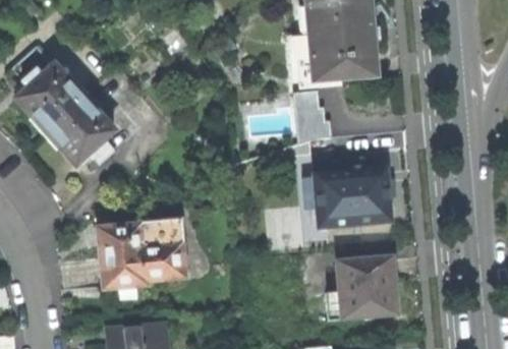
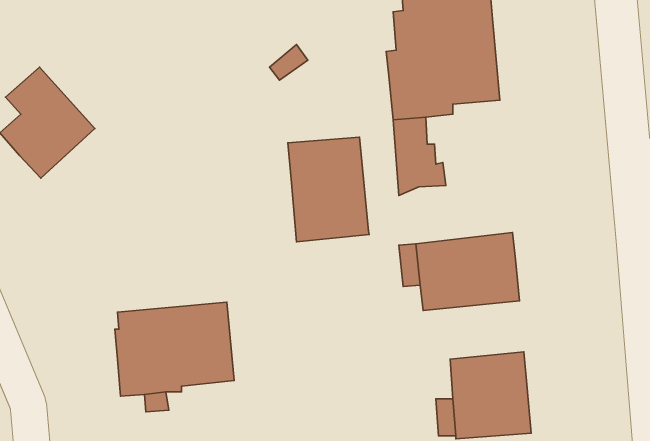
building: [46,95,118,165] -> none
building: none -> [288,137,369,242]

